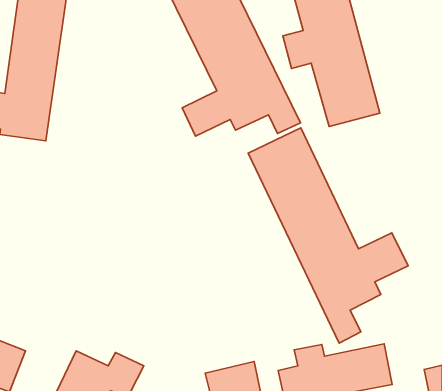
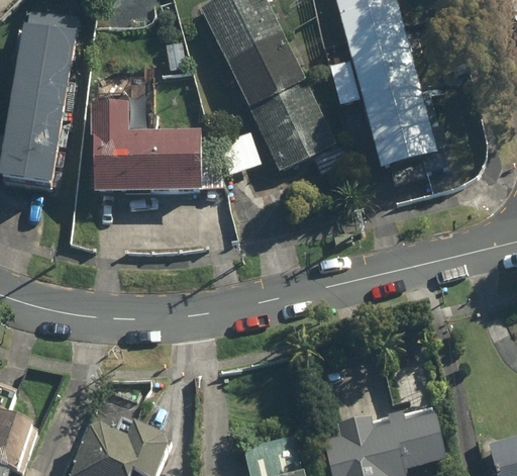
building: none -> [93,98,205,190]
building: [248,128,408,343] -> none

